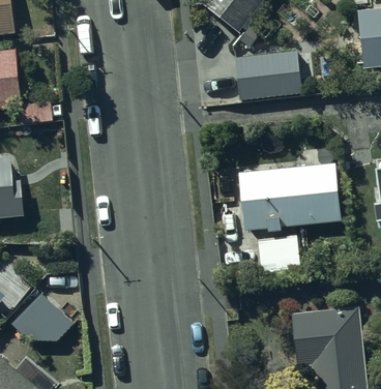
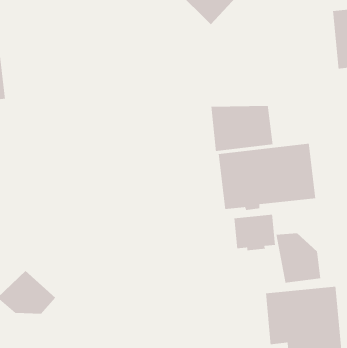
building: [233,46,299,94] -> [210,105,273,152]
building: none -> [276,232,321,283]

